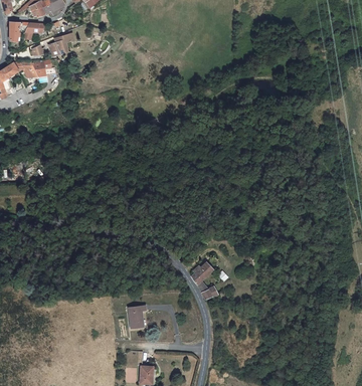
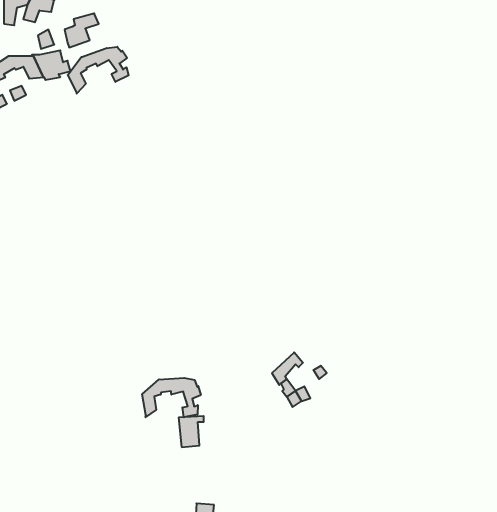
building: none -> [68,47,129,94]
building: none -> [142,378,201,417]

